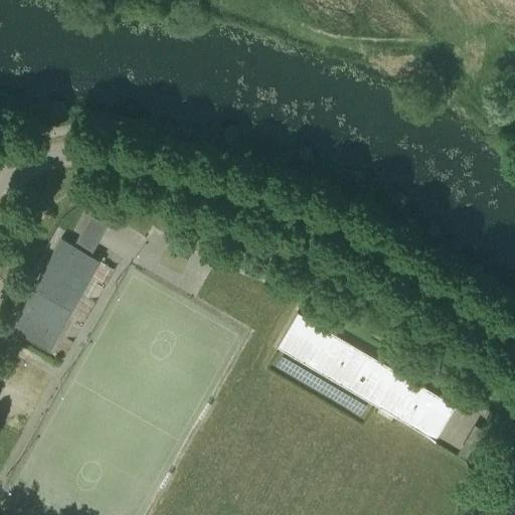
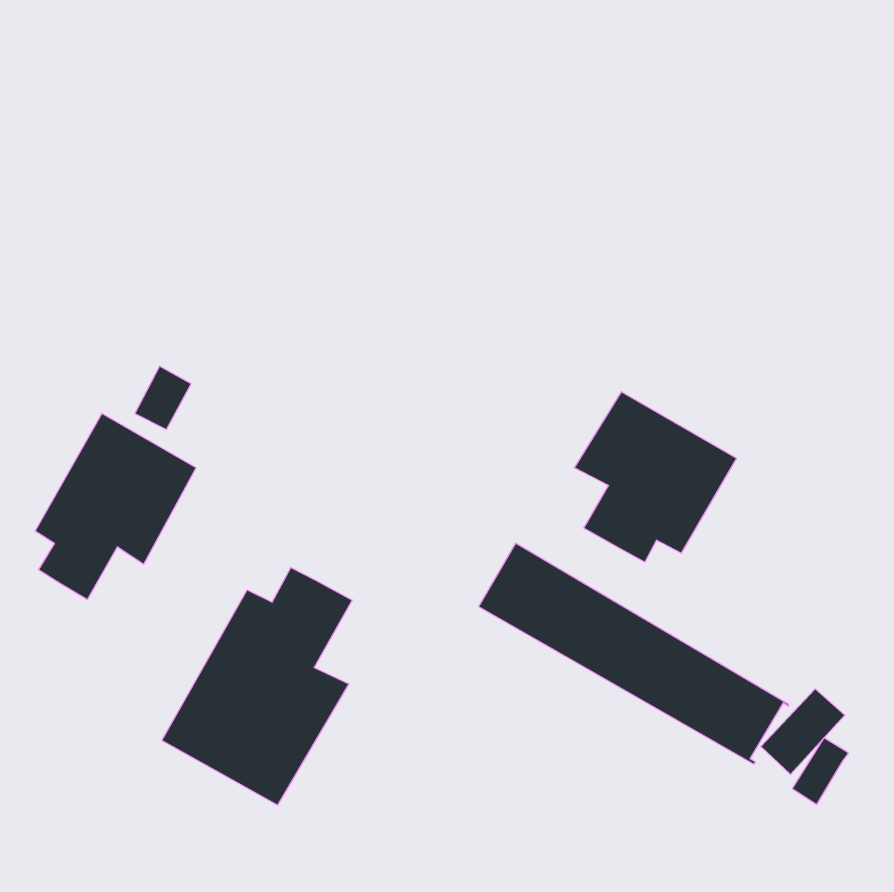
building: none -> [575,392,737,562]
building: none -> [162,568,352,805]

